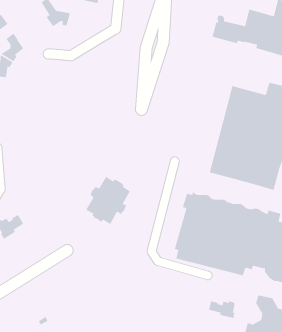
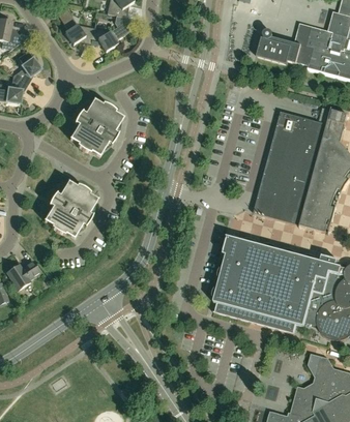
building: none -> [90,21,130,51]
building: none -> [70,99,123,156]
building: [85,176,131,225] -> [45,181,97,238]
building: [208,300,236,319] -> none

